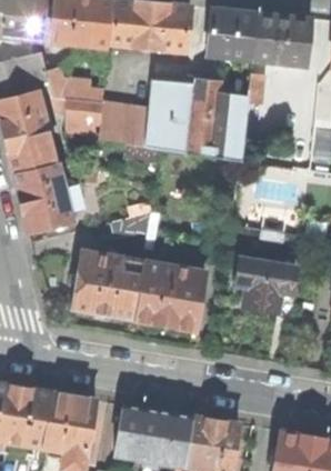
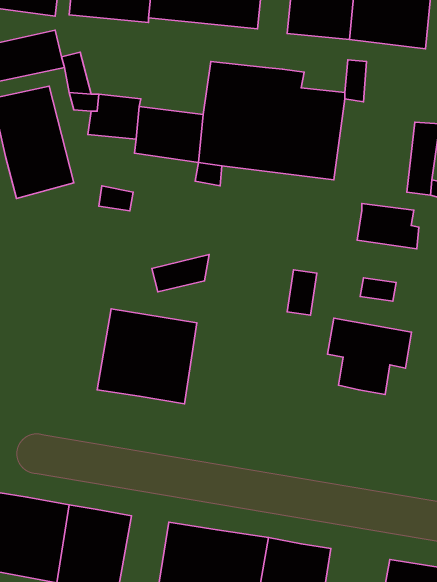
building: [14,162,73,232] -> none
building: none -> [357,203,419,249]
building: [134,262,205,330] -> none

